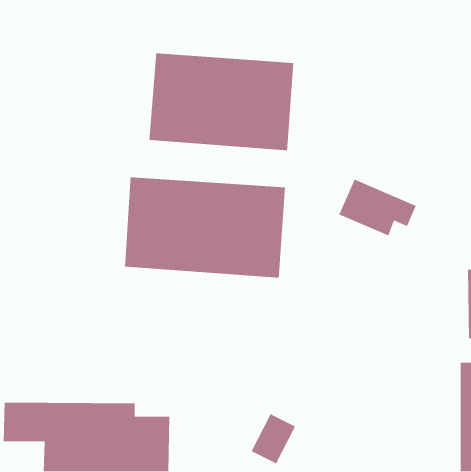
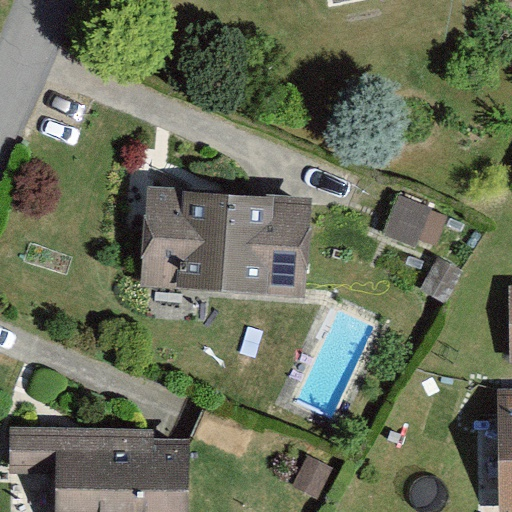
building: [148,53,294,151] -> none

